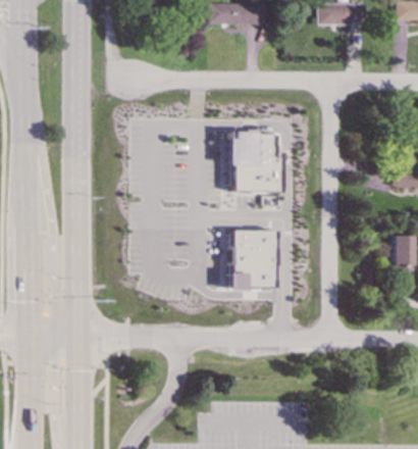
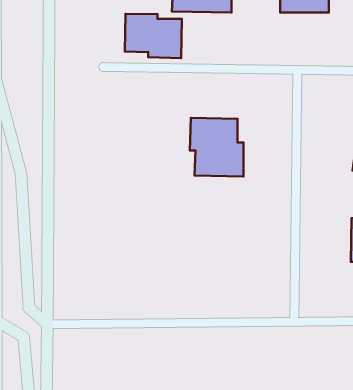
building: none -> [125,14,182,58]
building: [228,230,275,290] -> none

